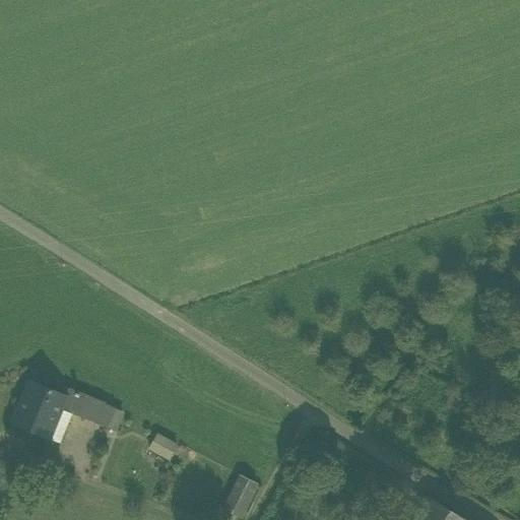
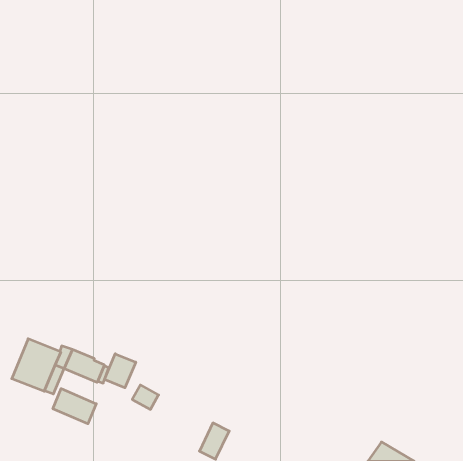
building: none -> [105,354,136,388]
building: none -> [53,389,96,424]

